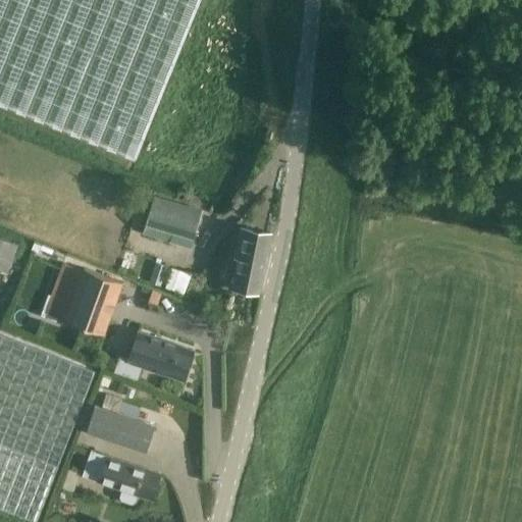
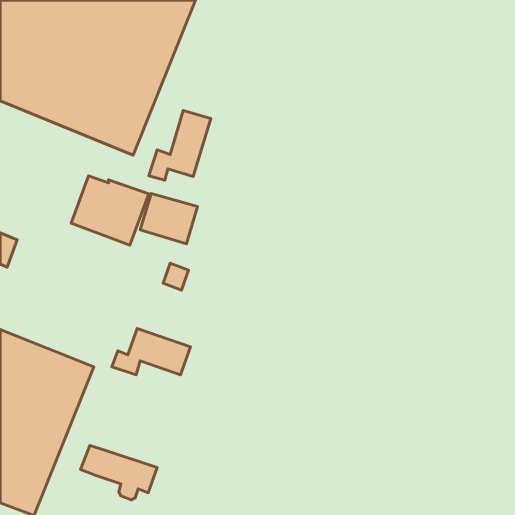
building: none -> [149,111,211,180]
building: [231,227,269,293] -> none
building: [44,264,122,334] -> [71,176,149,245]
building: [86,404,155,451] -> none

